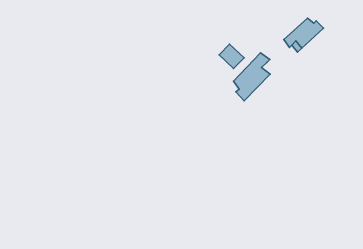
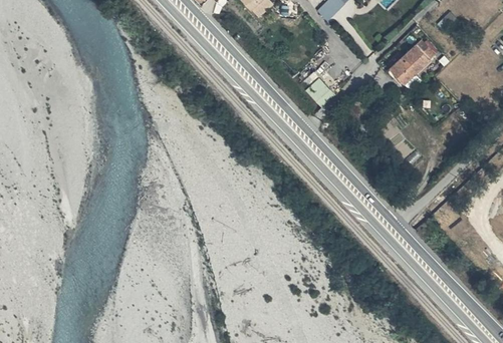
building: [234,53,270,101] -> none

